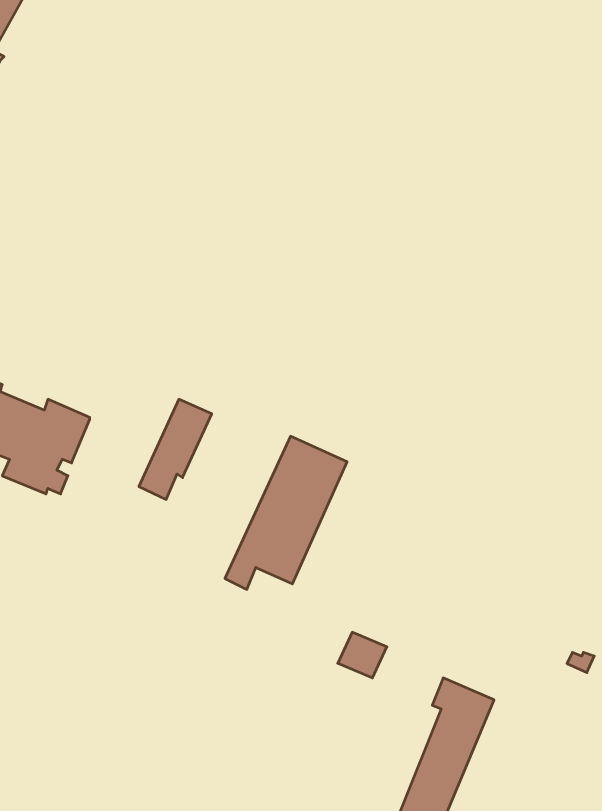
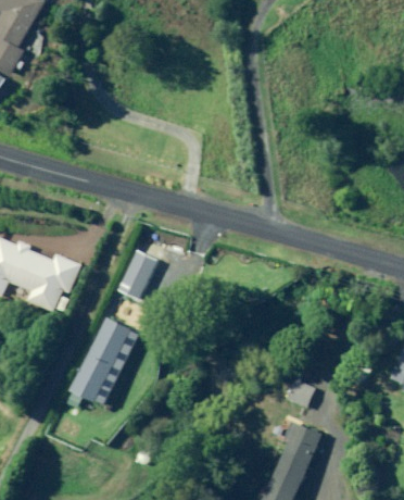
building: [225,436,347,589] -> [65,318,138,410]
building: [338,632,387,678] -> [283,379,313,407]

